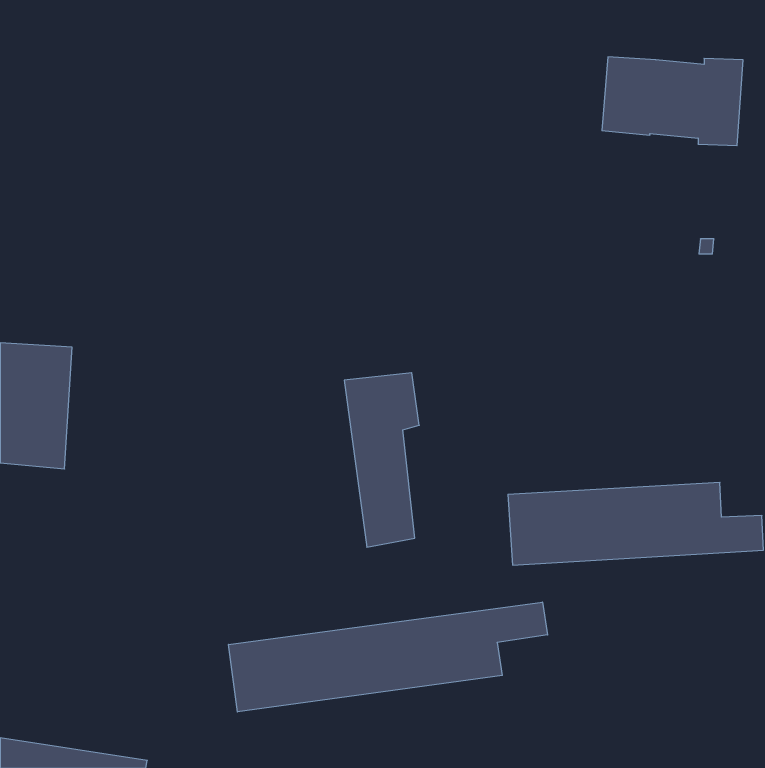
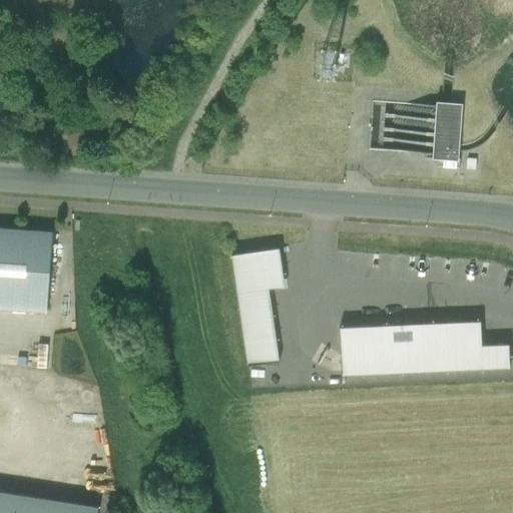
building: [602,57,743,146] -> [370,101,464,160]
building: [229,602,548,712] -> none

